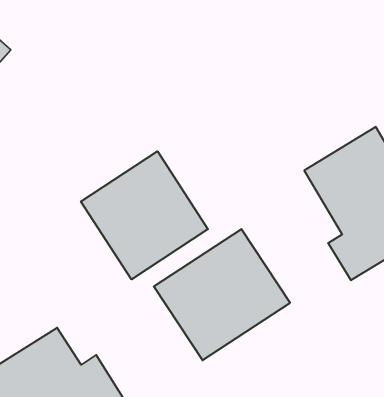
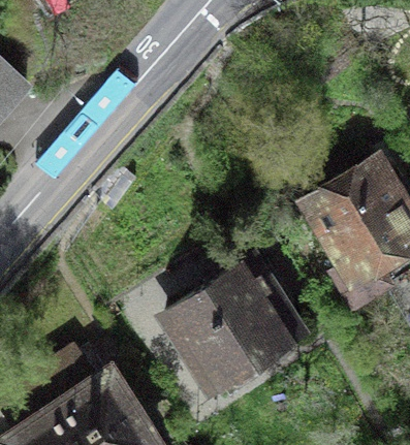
building: [81,151,208,279] -> none

